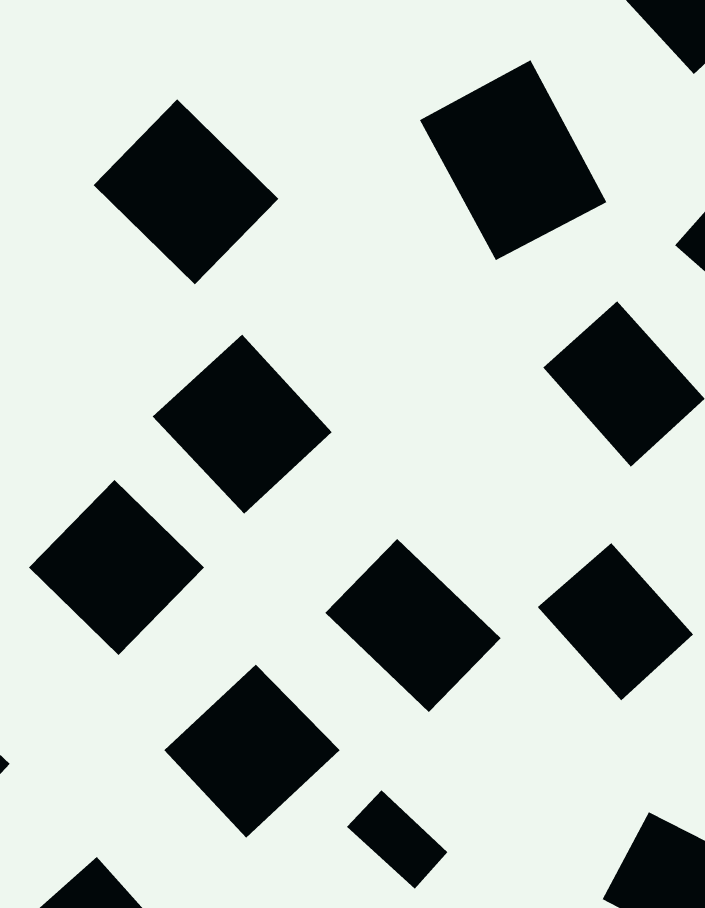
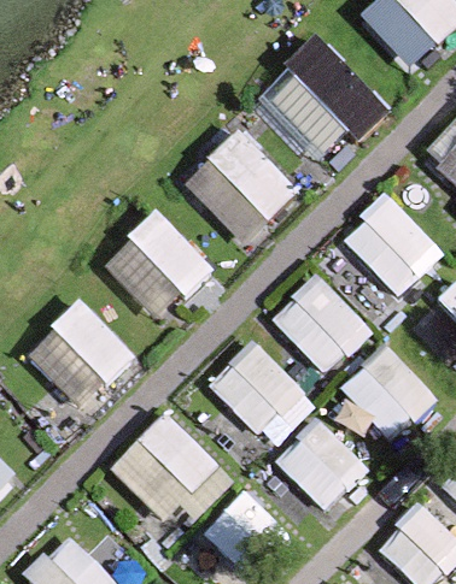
building: [93,99,279,285] -> [183,134,298,248]
building: none -> [270,272,370,372]
building: none -> [274,412,368,507]

